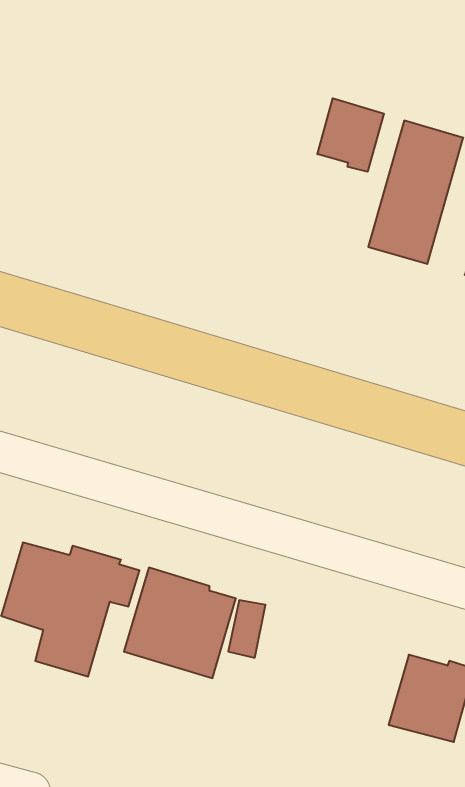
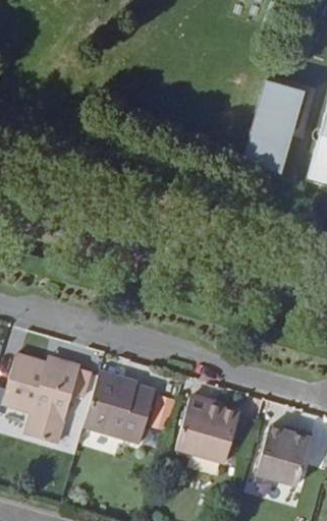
building: [317,98,384,172] -> none
building: none -> [175,397,240,464]

